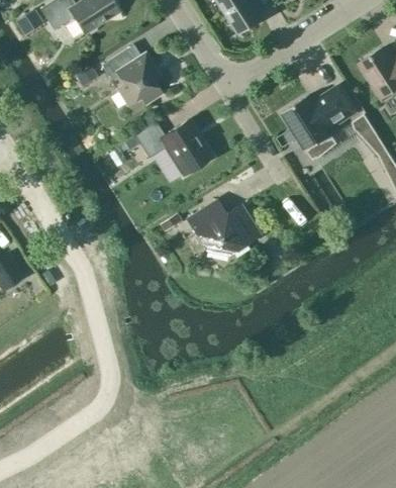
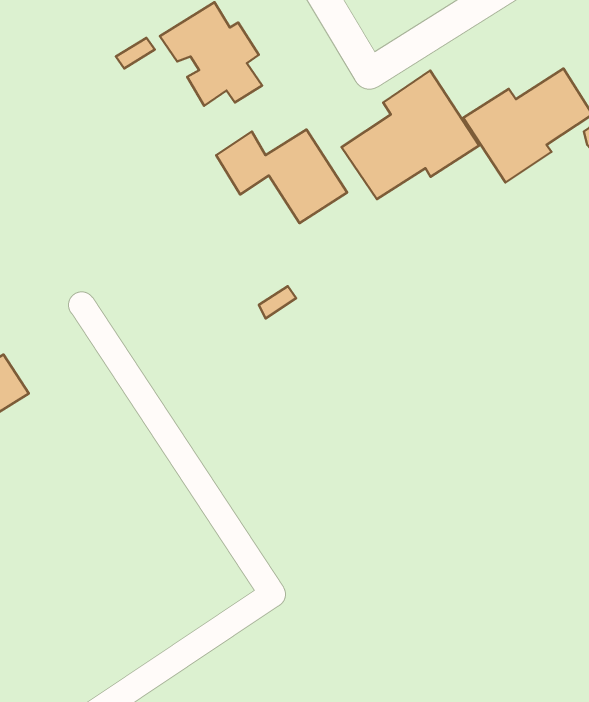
building: none -> [342,70,479,199]
building: [187,200,260,255] -> none

